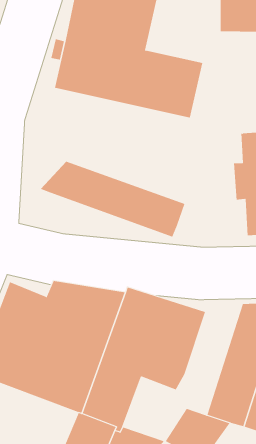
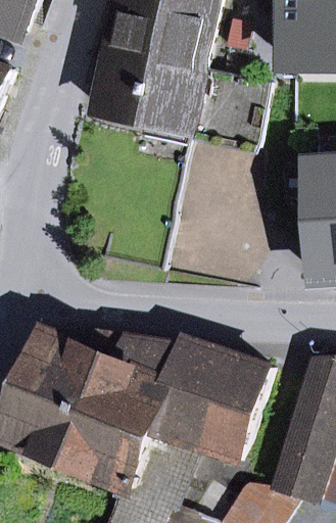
building: [40,161,185,237] -> none

